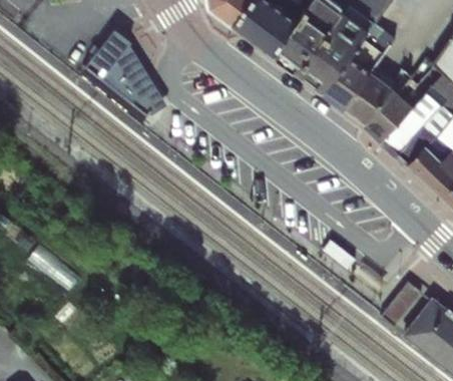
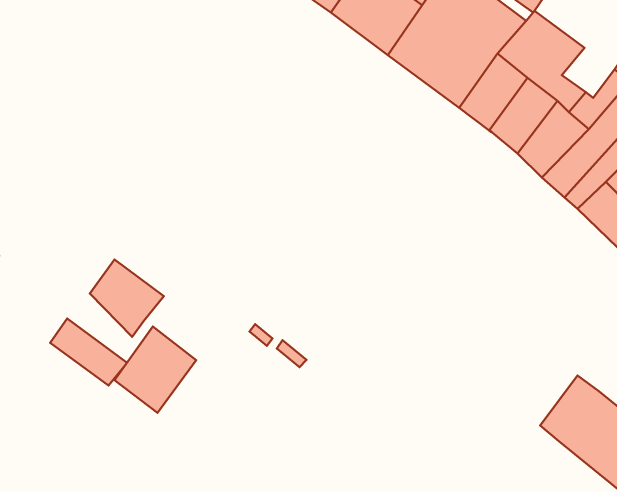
building: [86,38,165,121] -> none
building: none -> [90,260,164,337]
building: none -> [115,327,196,413]

